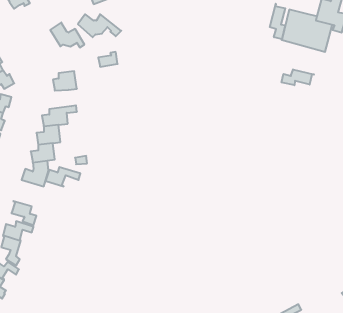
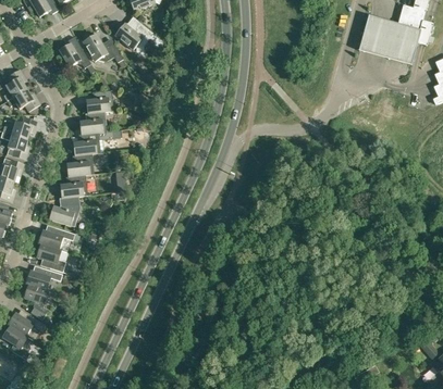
building: [270,4,285,39] -> none
building: none -> [58,37,94,74]
building: [282,69,314,85] -> none
building: none -> [78,113,107,136]
building: [45,167,80,186] -> [38,228,79,251]

